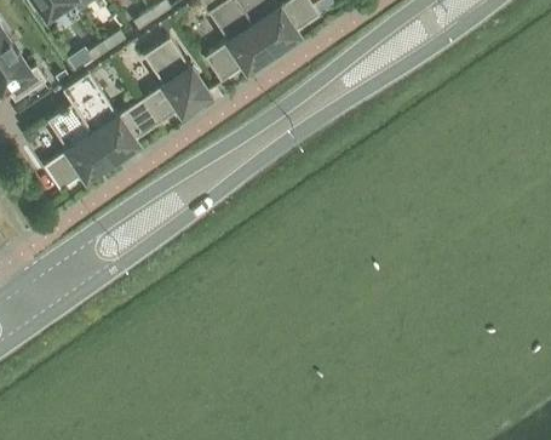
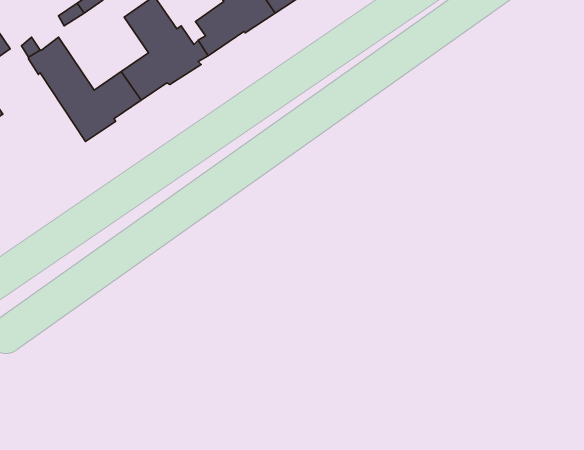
building: [44,103,111,193] -> none

